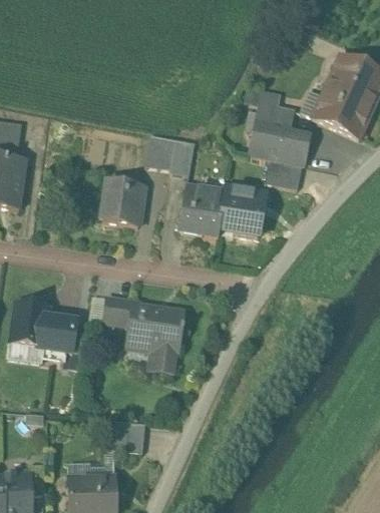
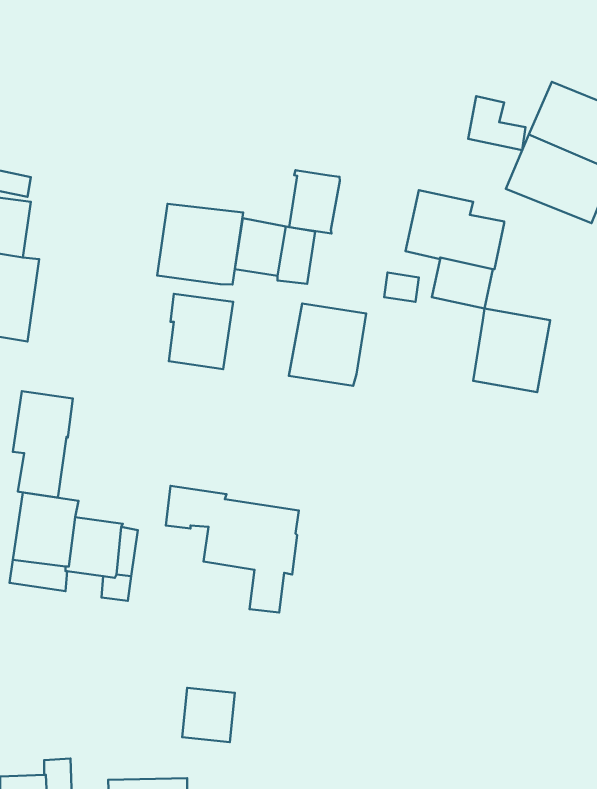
building: [257,91,292,124] -> [468,96,526,150]
building: none -> [289,170,340,233]
building: none -> [157,204,243,284]
building: [219,185,266,236] -> [473,309,550,392]
building: none -> [13,391,73,498]

